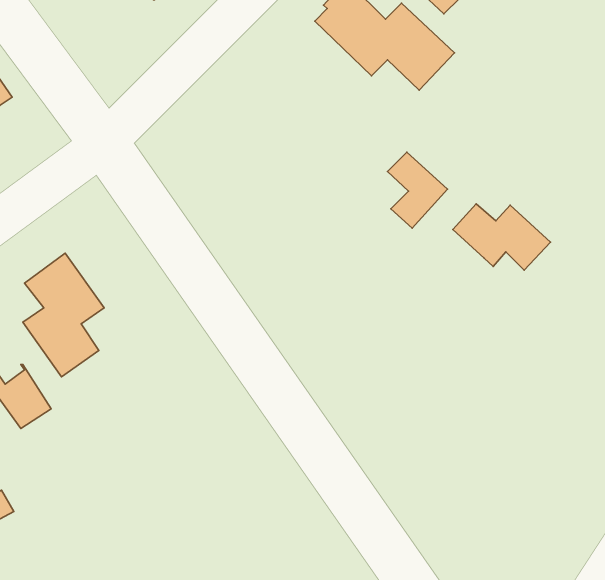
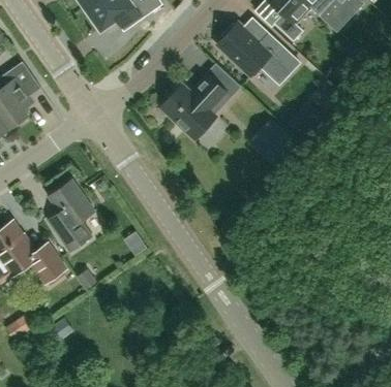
building: none -> [159,74,230,139]
building: [453,204,551,270] -> none

